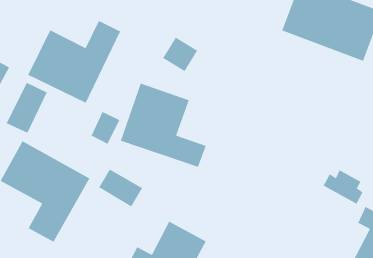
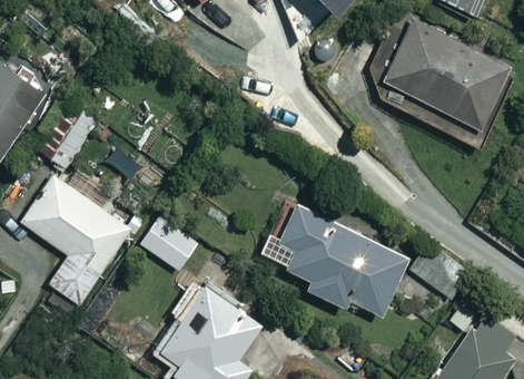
building: [27,20,121,104] -> none
building: [120,83,207,168] -> none
building: none -> [275,204,407,315]

